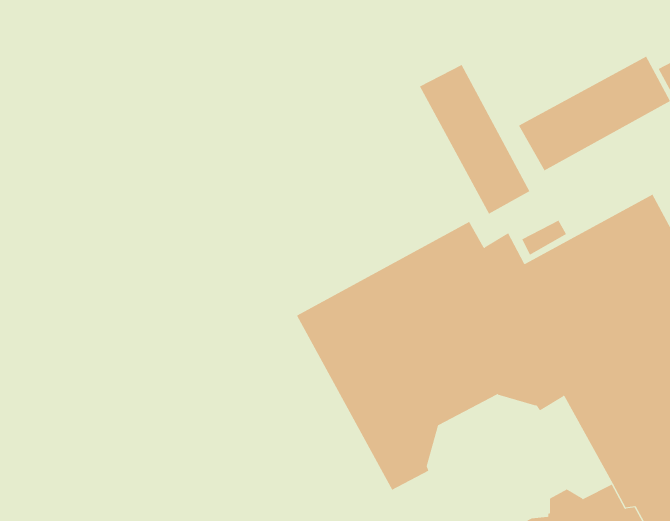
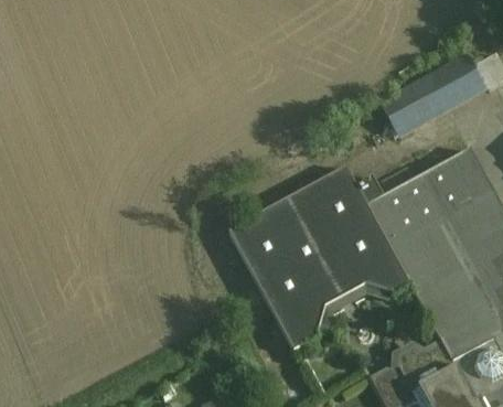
building: [419,64,530,214] -> none

